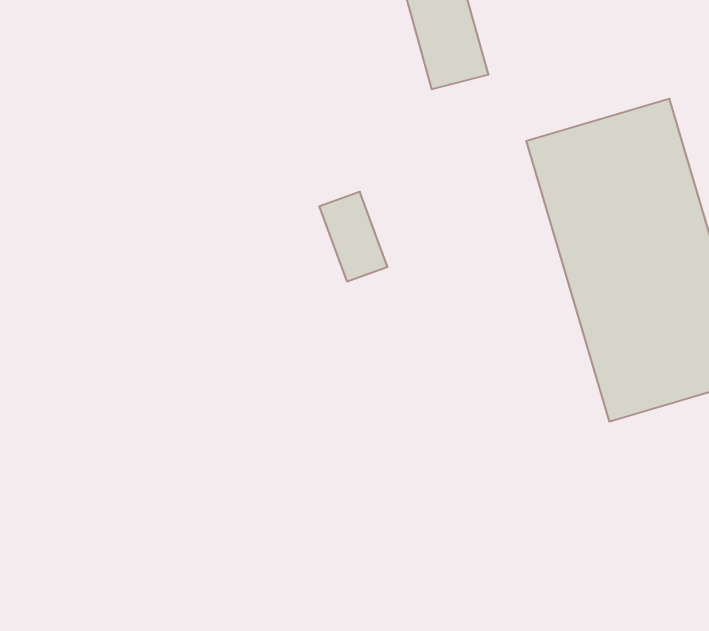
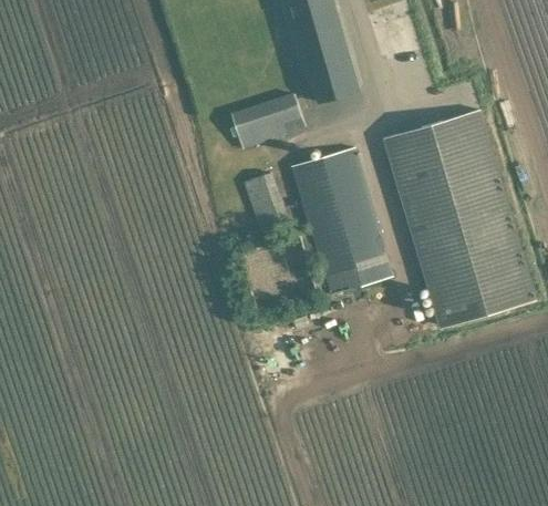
building: none -> [231,92,307,148]
building: none -> [292,146,394,295]

